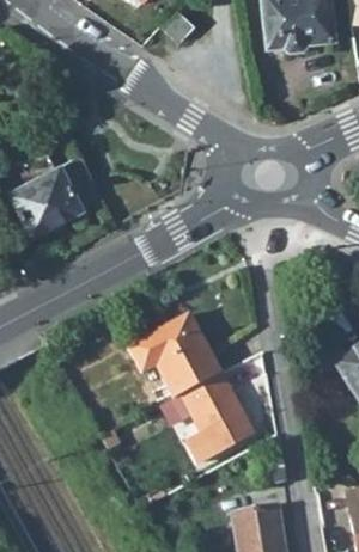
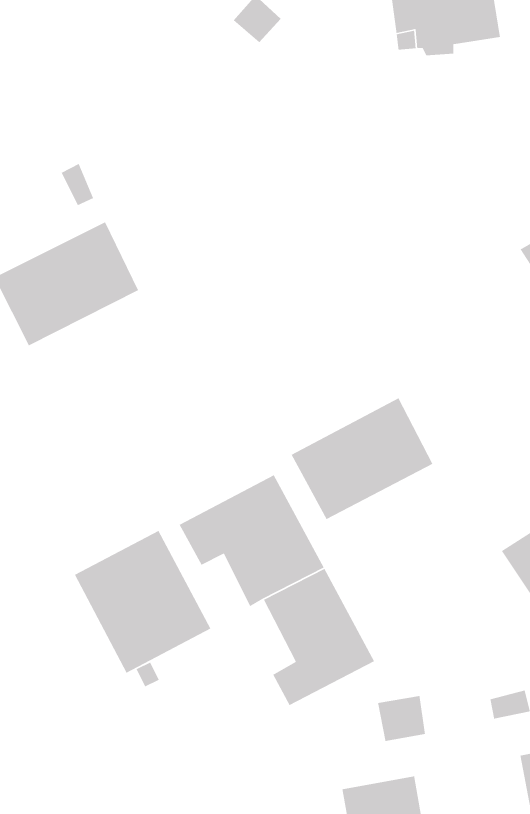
building: none -> [291,397,433,520]
building: none -> [74,530,211,674]

